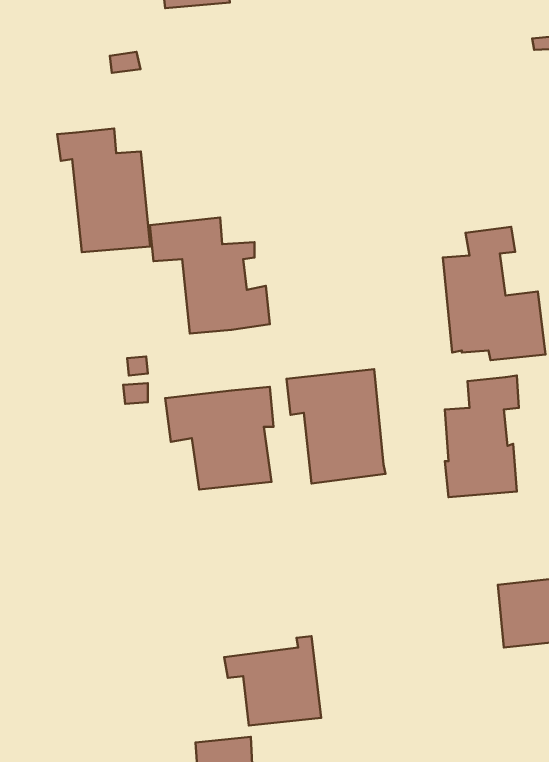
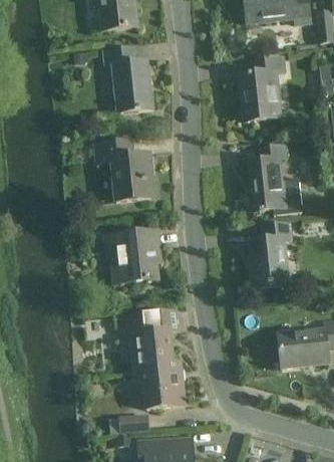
building: none -> [239,55,284,120]
building: [57,129,150,252] -> [103,45,152,110]
building: [287,369,386,483] -> [120,310,173,371]

